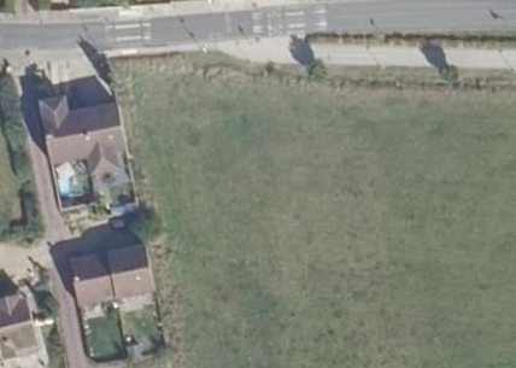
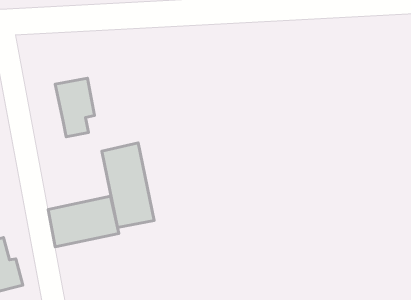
building: [39,95,88,163] -> none
building: none -> [102,143,154,228]

